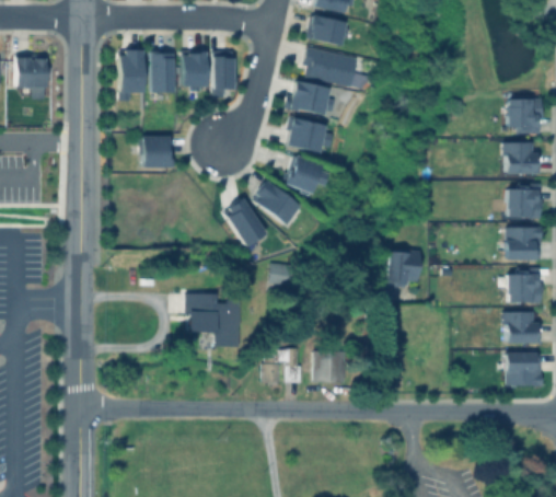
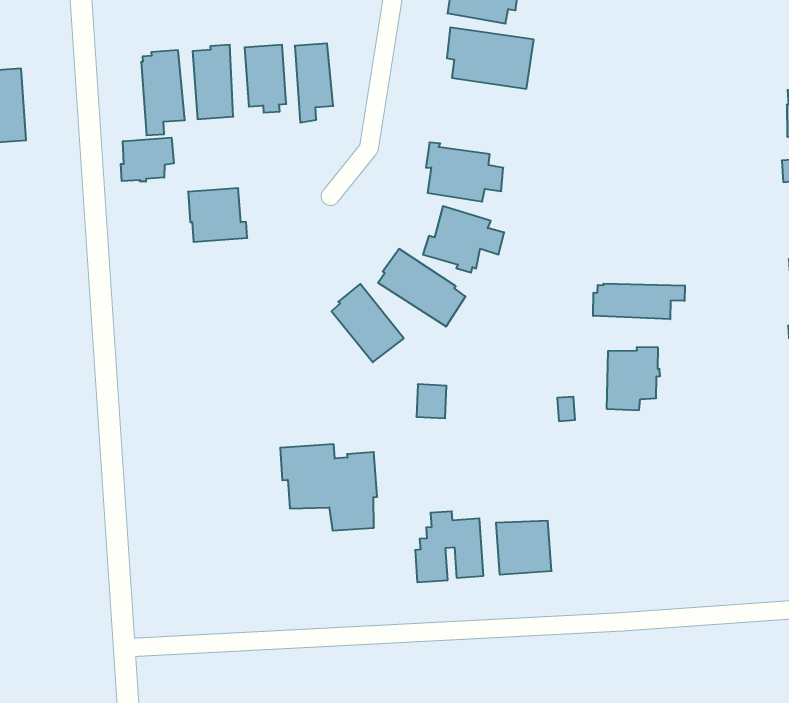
building: [286,81,335,116] -> none
building: none -> [121,138,174,182]
building: none -> [593,284,685,319]

